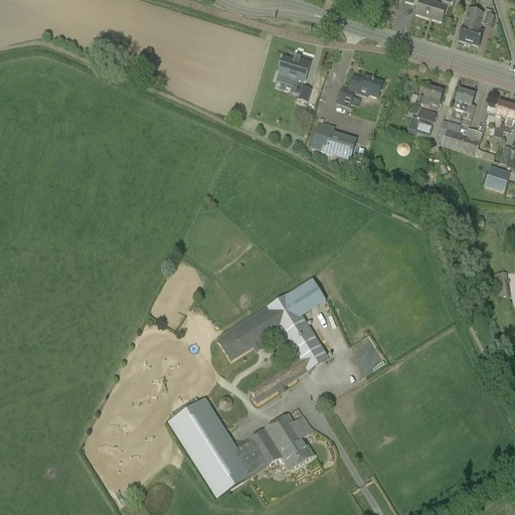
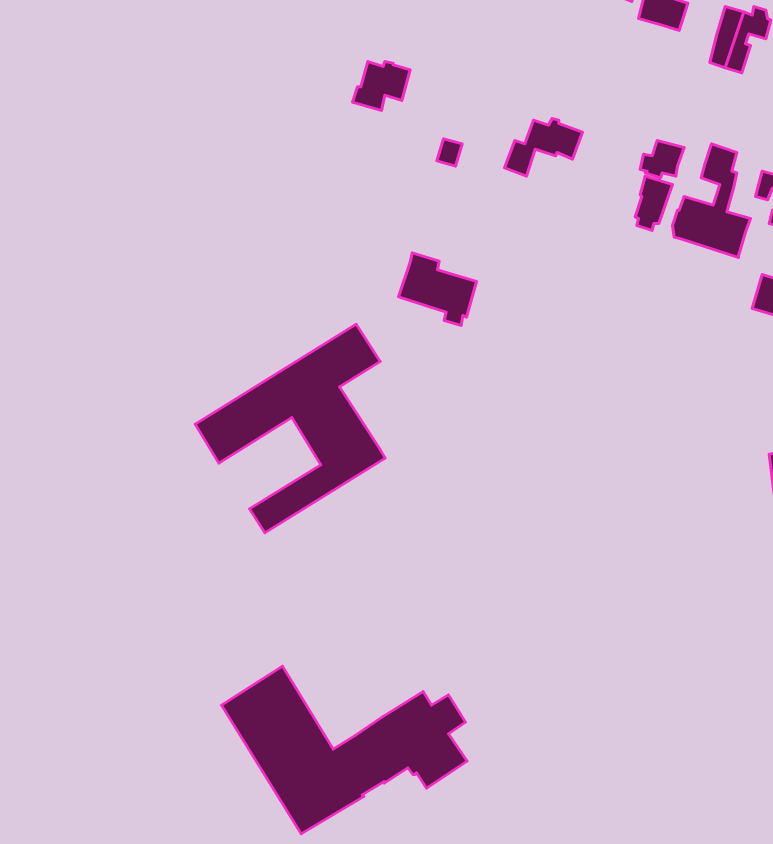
building: [276,56,310,85] -> [353,61,410,111]
building: [311,121,357,164] -> [399,253,477,326]
building: [216,278,329,401] -> [195,324,385,533]

